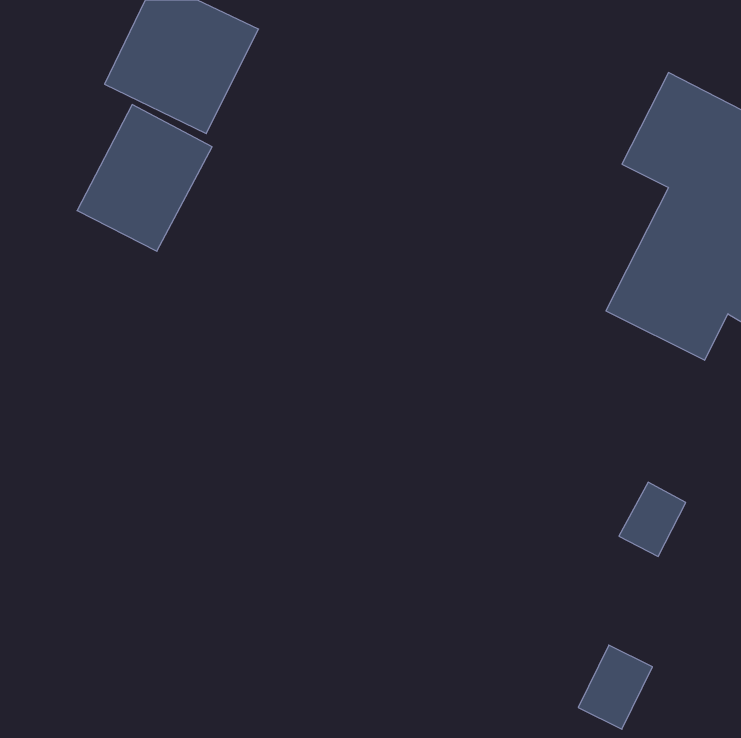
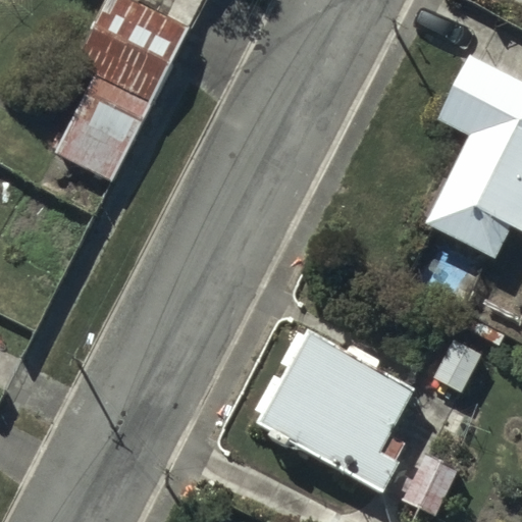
building: none -> [258,330,418,492]

